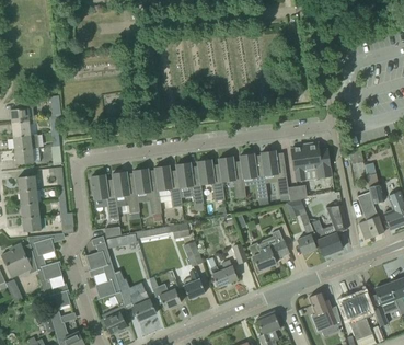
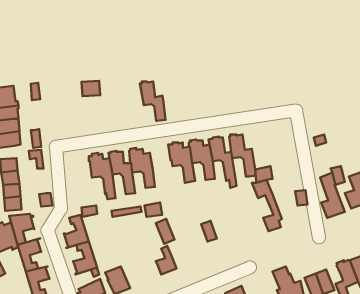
building: [290,142,331,181] -> none
building: [175,162,203,204] -> [140,82,166,121]
building: [90,173,118,220] -> none
building: [307,210,343,255] -> none
building: [249,229,288,271] -> none
building: [208,258,238,287] -> none
building: [152,283,181,309] -> none

